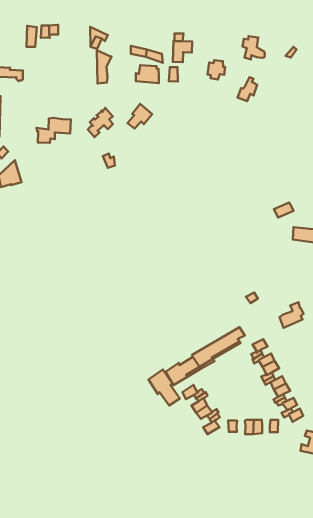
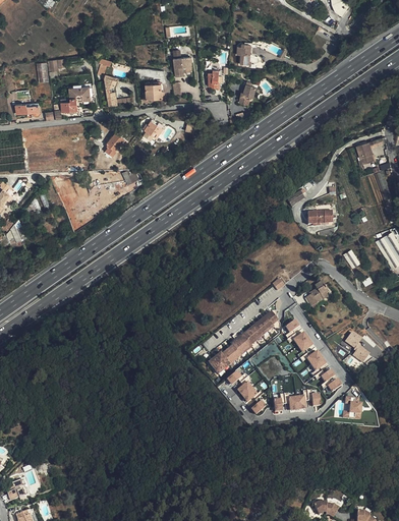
building: [37,118,71,143] -> [59,85,91,111]
building: [149,370,180,406] -> none

